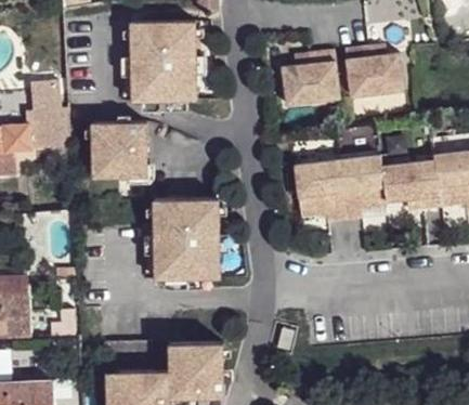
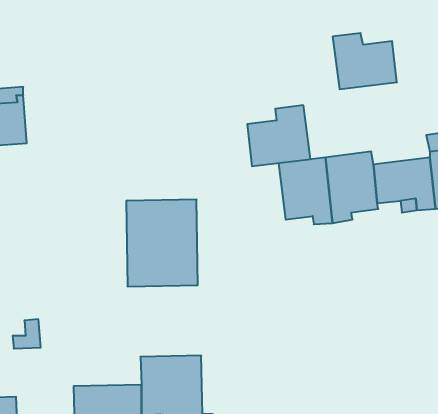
building: [129,21,196,101] -> none
building: [281,49,339,105] -> [247,105,310,166]
building: [91,122,146,177] -> none

